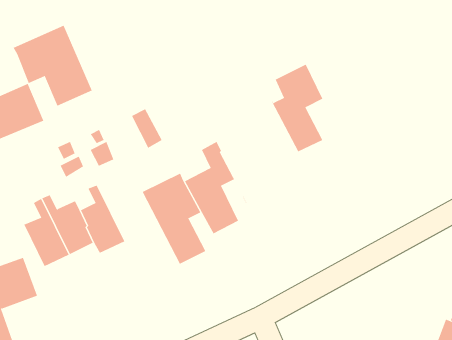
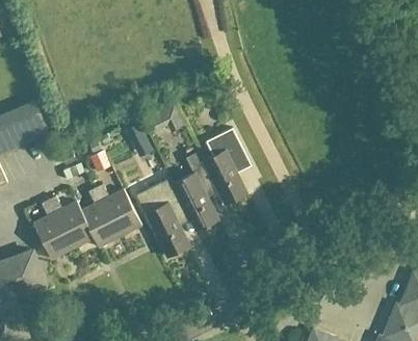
building: [13,25,92,106] -> none
building: [271,64,323,152] -> [202,127,246,203]
building: none -> [96,183,141,236]

